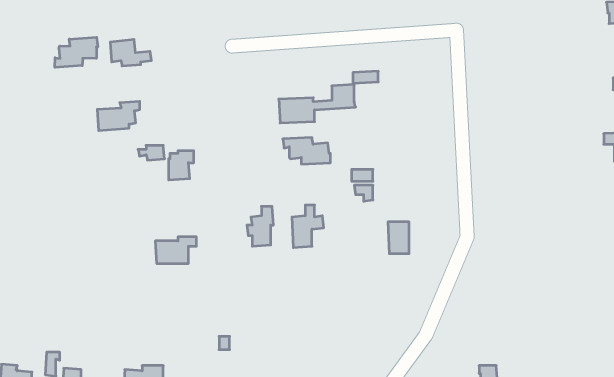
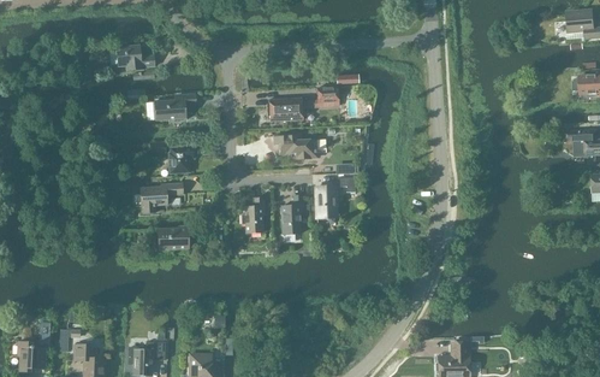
building: [55,37,98,67] -> none
building: [97,101,140,131] -> [156,94,195,120]
building: none -> [139,183,183,213]
building: [388,222,409,254] -> [316,187,335,216]

